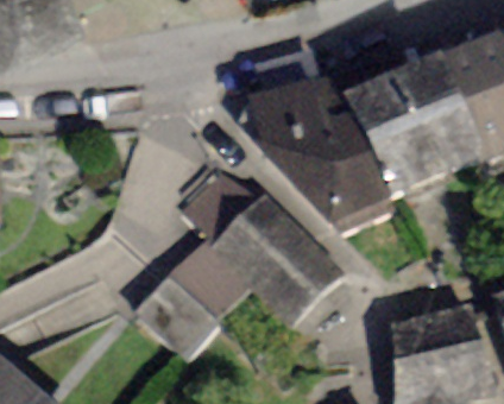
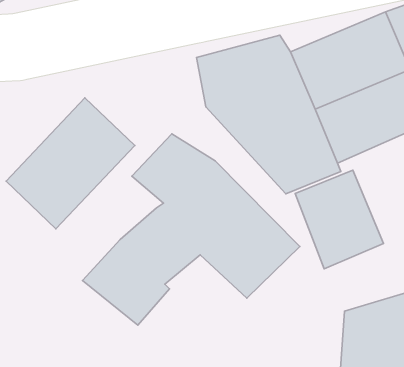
building: none -> [6,98,135,229]
building: none -> [295,170,384,269]

